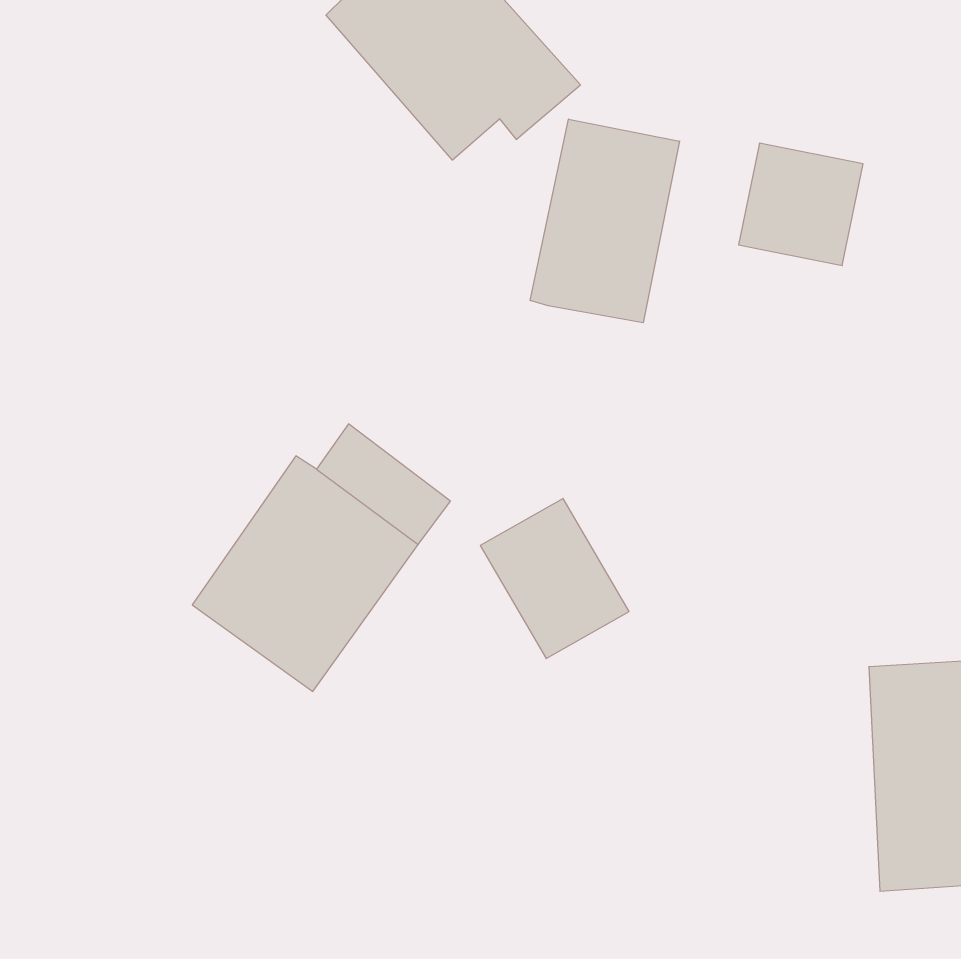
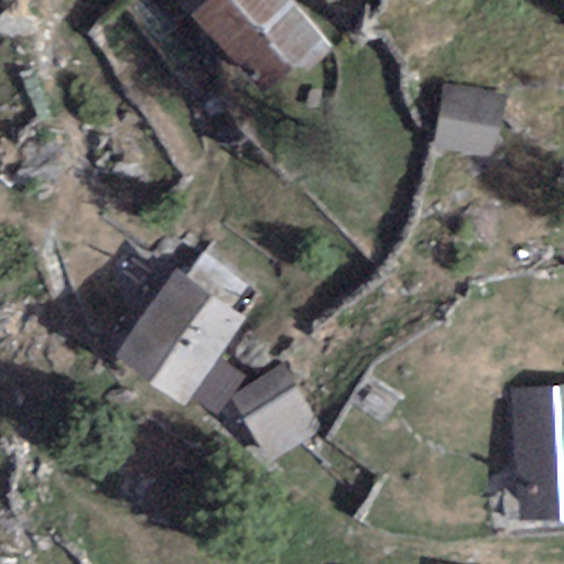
building: [530,119,680,323] -> none
building: [480,498,629,659] -> [231,366,318,459]

